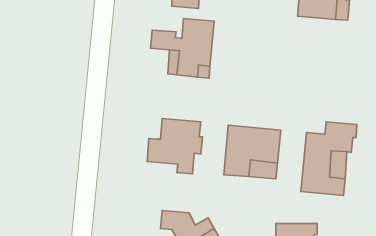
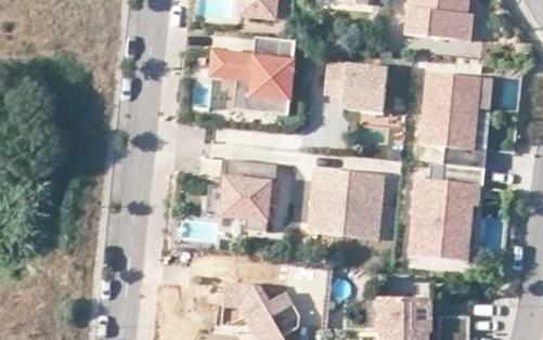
building: none -> [325,63,388,123]
building: none -> [418,73,490,168]

